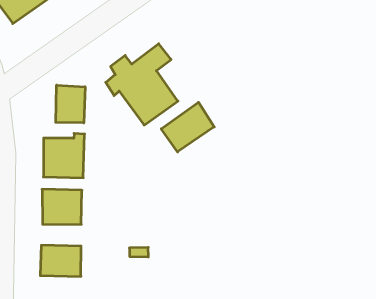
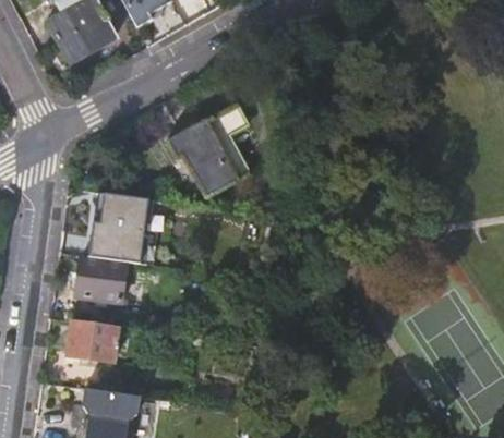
building: [56,85,85,123] -> none
building: [161,102,214,152] -> none

